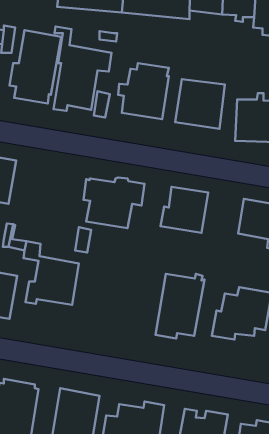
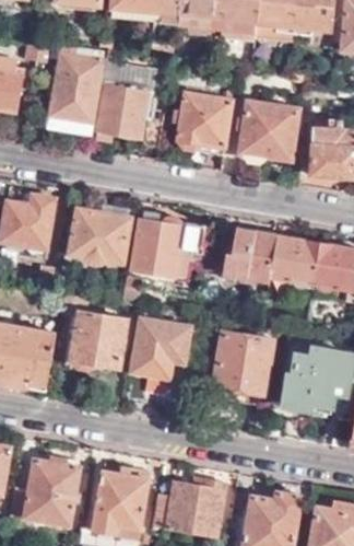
building: none -> [68,206,135,266]
building: none -> [269,236,319,290]
building: none -> [127,311,191,403]

